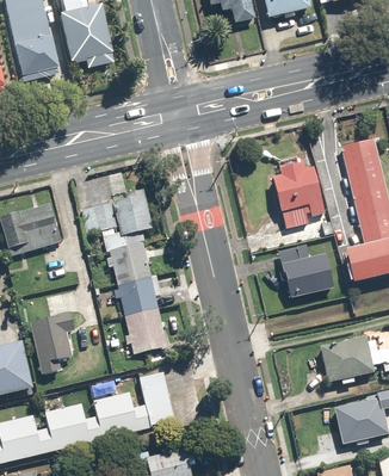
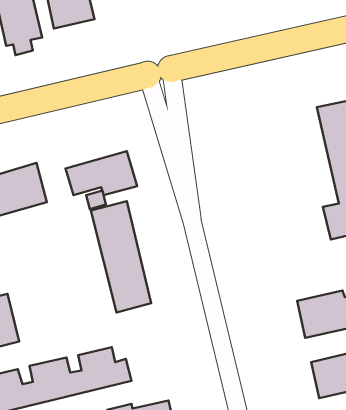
building: [273,161,327,228] -> none
building: [278,242,335,297] -> none
building: [30,310,75,375] -> none
building: [138,372,178,426] -> none

